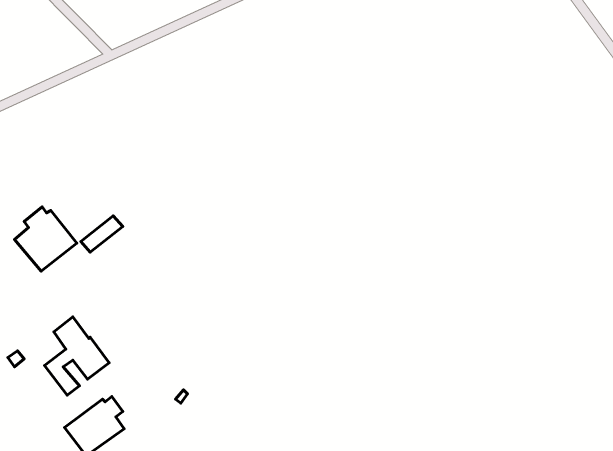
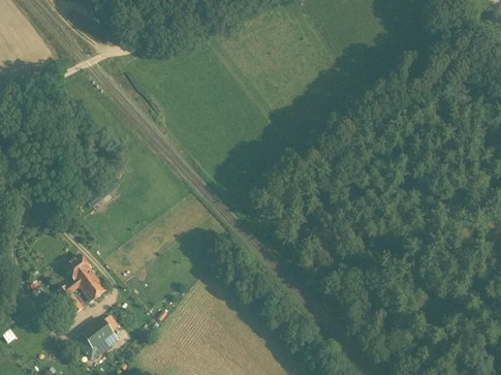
building: [14,207,77,271] -> none

